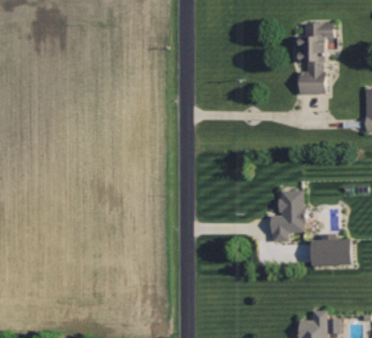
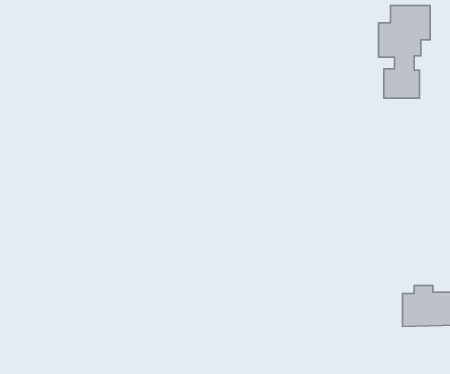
building: [269,190,305,242] -> none

